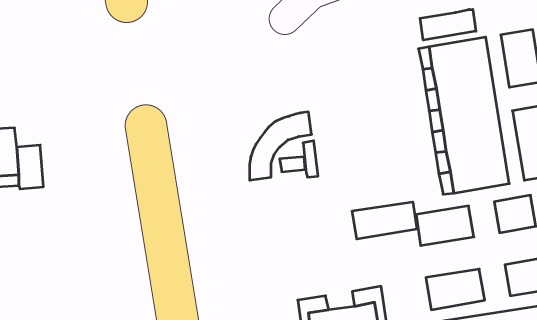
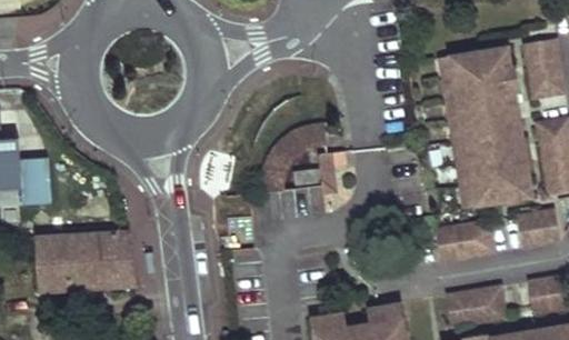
building: [420,9,476,40] -> none
building: [352,202,417,239] -> none
building: none -> [23,234,141,294]

